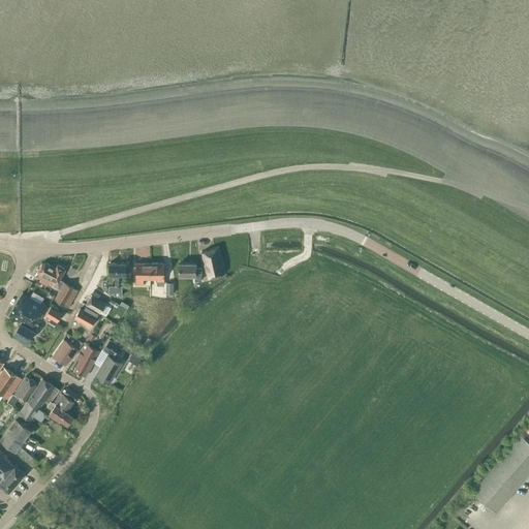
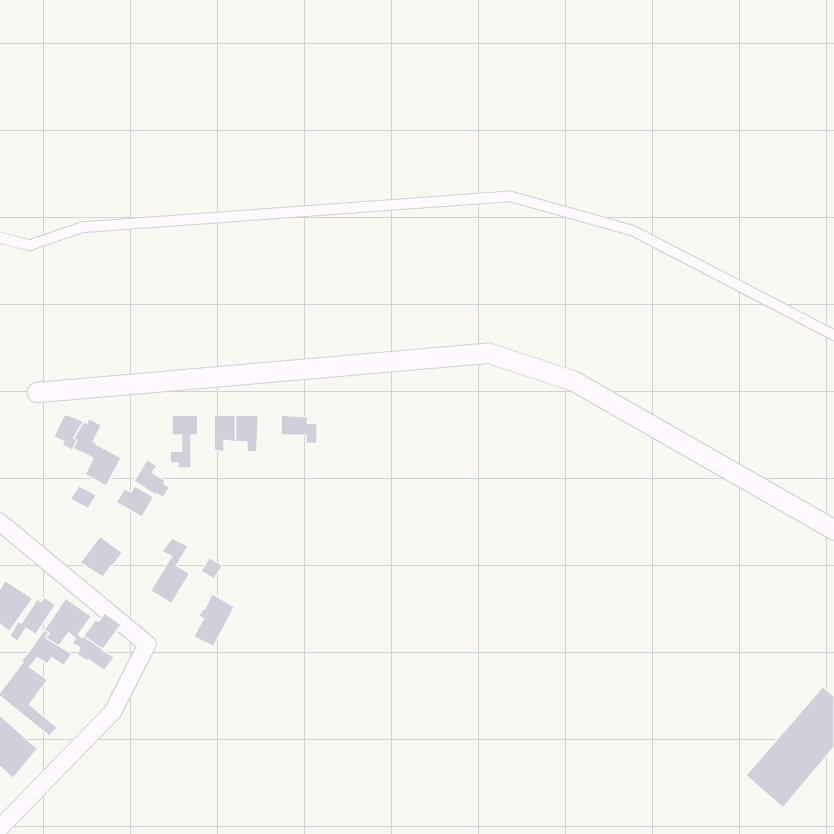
building: [200,249,224,279] -> none
building: [7,293,46,343] -> none
building: [72,344,98,377] -> [194,594,235,646]

